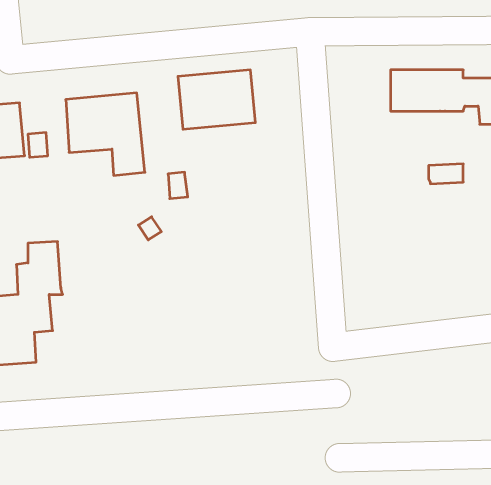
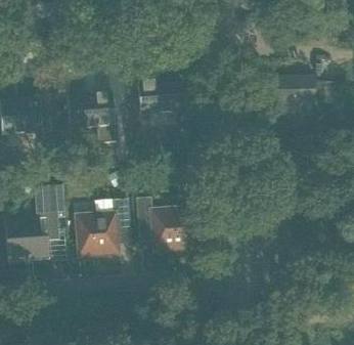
building: none -> [136,198,192,250]
building: none -> [75,199,129,255]

